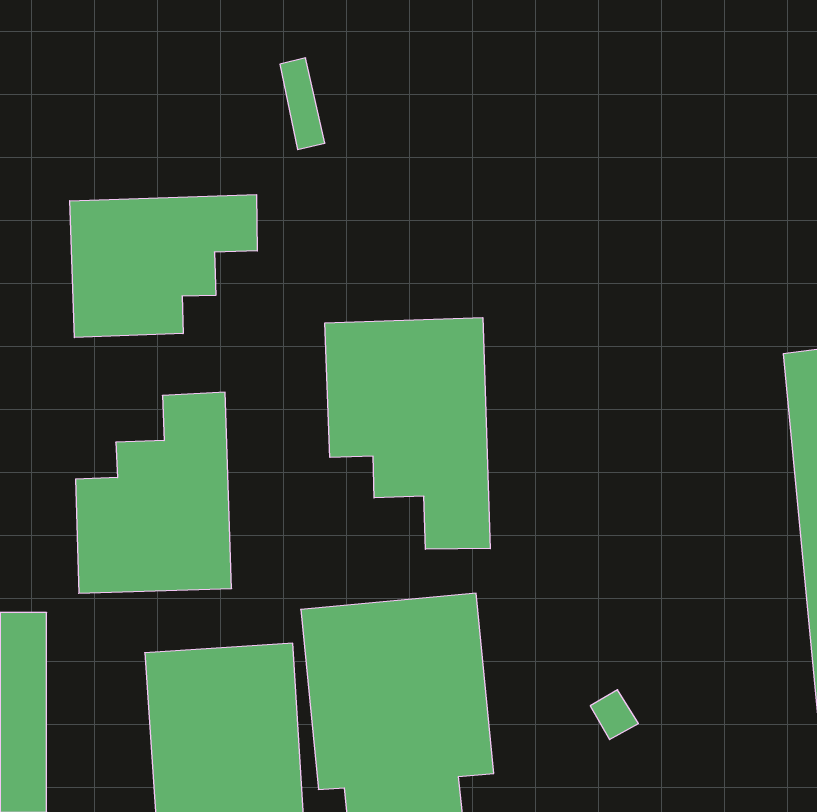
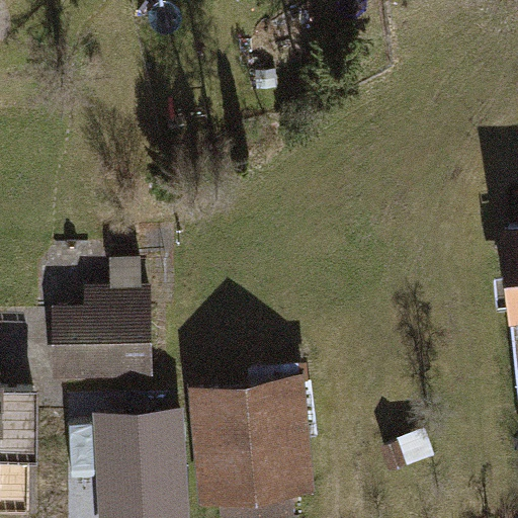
building: [70,195,257,338] -> none
building: [325,318,490,549] -> none

